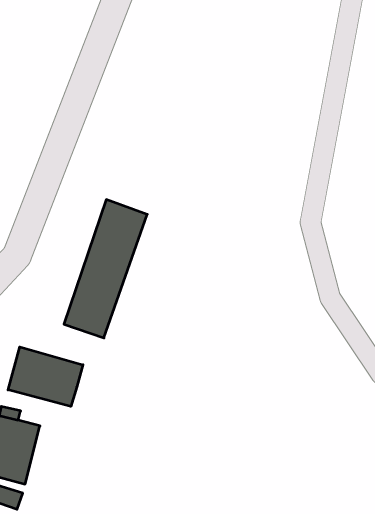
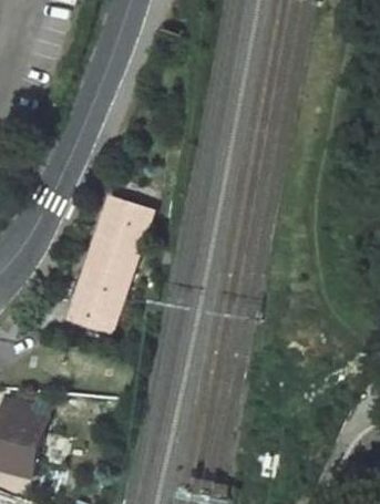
building: [8,347,83,406] -> none

